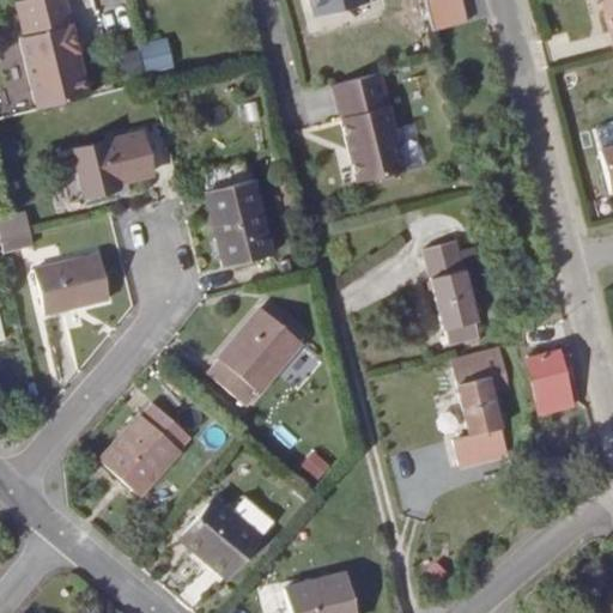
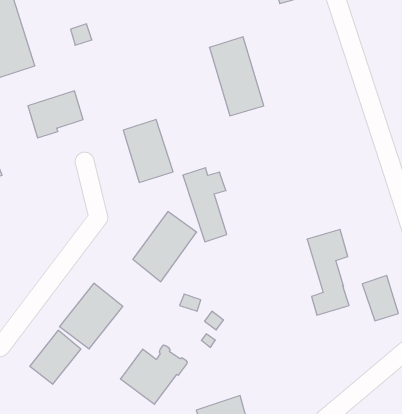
building: [425,241,484,344] -> [183,168,227,242]
building: [37,255,109,312] -> none
building: [526,350,573,412] -> [362,275,398,321]
building: none -> [30,330,81,384]

